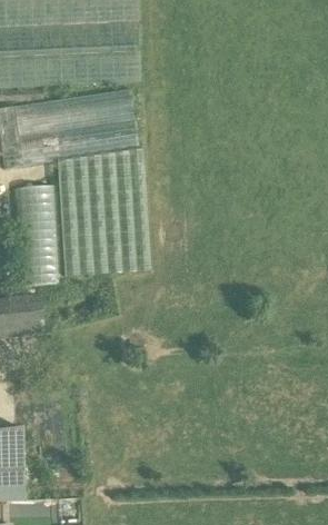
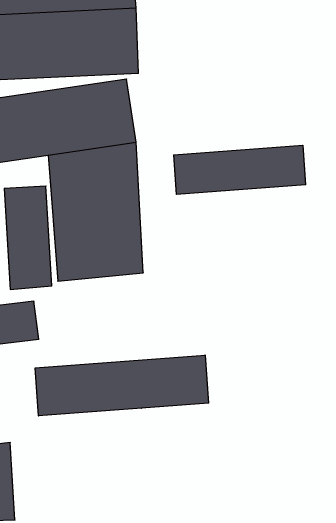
building: none -> [174,145,306,194]
building: none -> [35,355,209,416]

